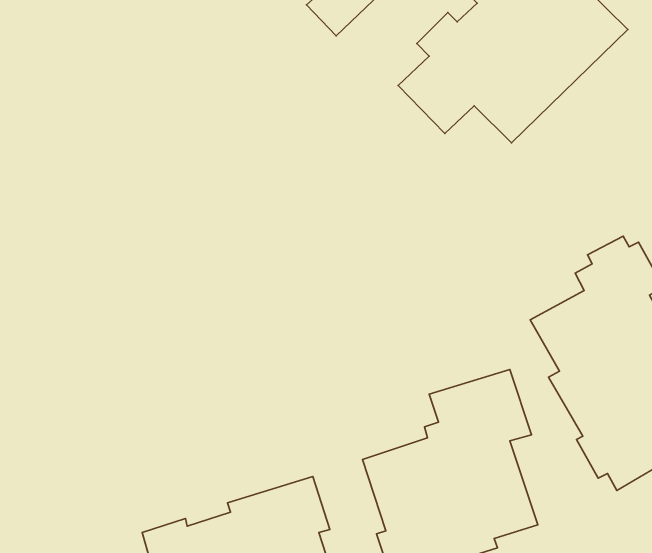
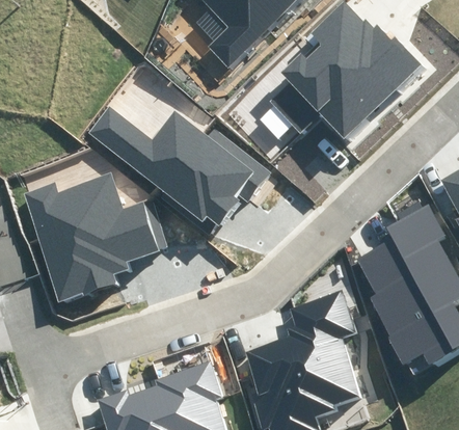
building: none -> [88,107,273,227]
building: none -> [24,173,159,301]

